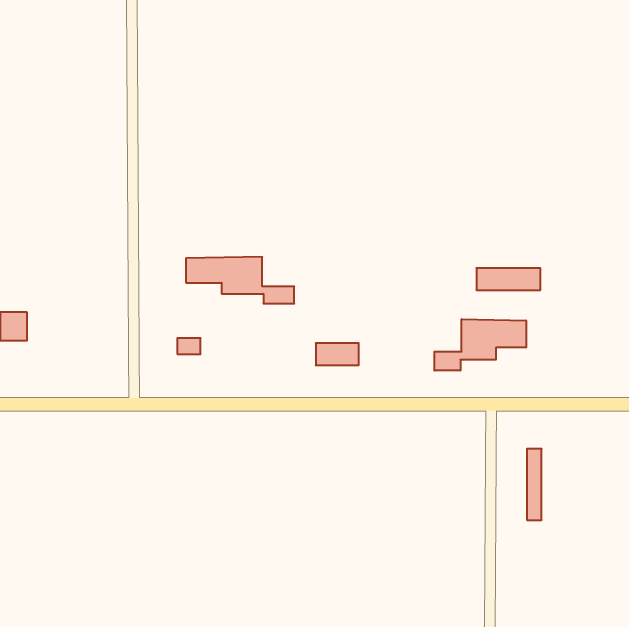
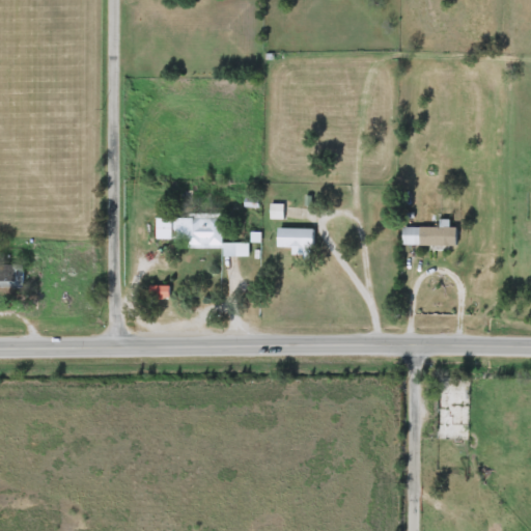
building: [434,319,526,371] -> none
building: [316,343,359,365] -> [277,228,313,247]

